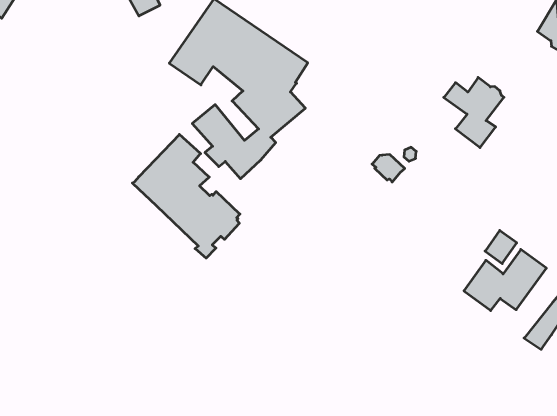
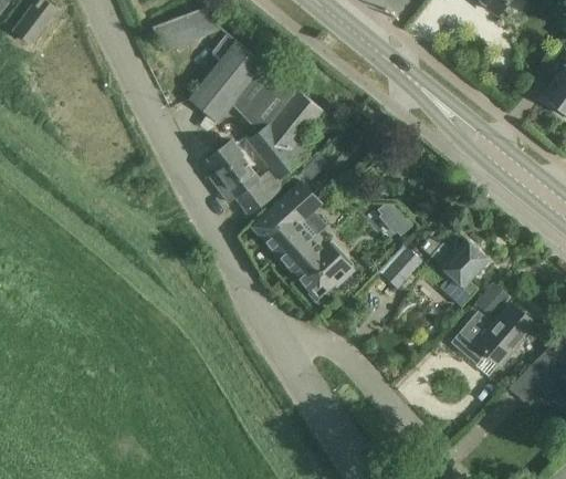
building: [444,77,504,148] -> [429,240,486,308]
building: [132,134,240,258] -> [252,184,353,304]
building: none -> [374,243,421,289]

